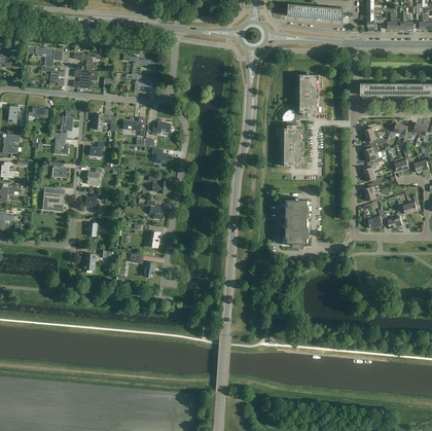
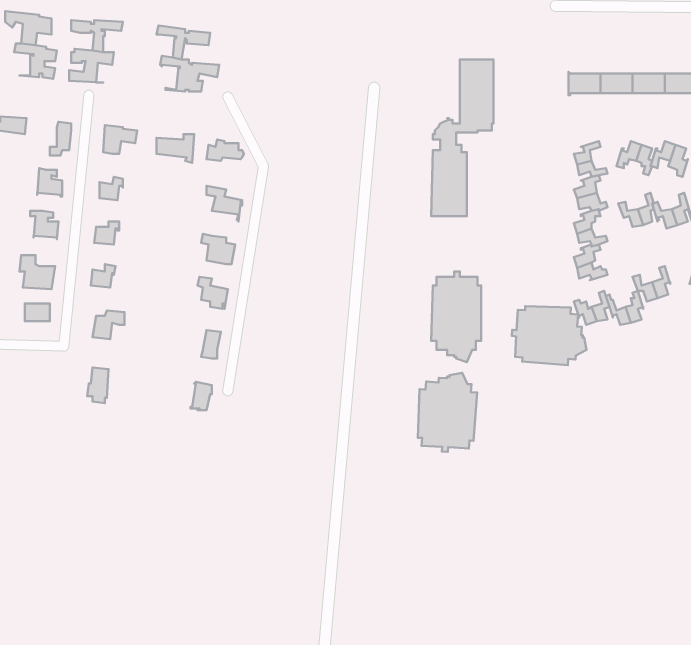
building: none -> [512,306,586,365]
building: none -> [418,373,477,452]

